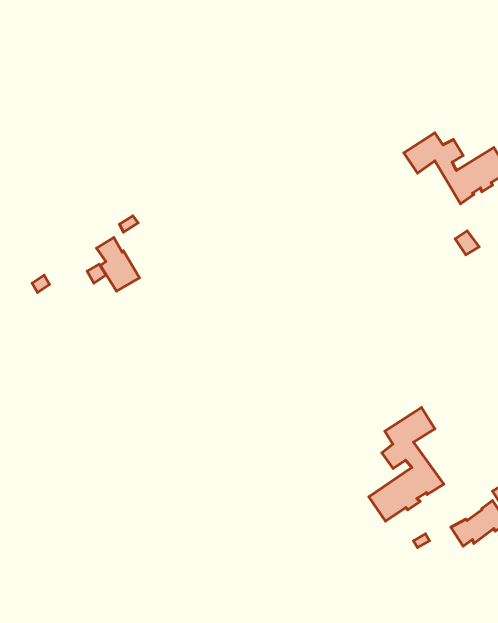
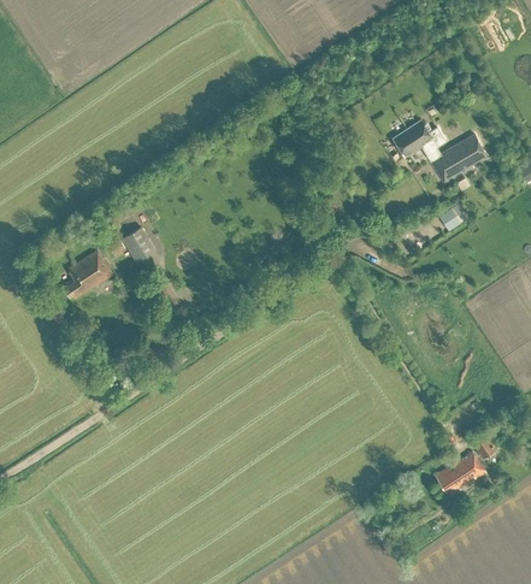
building: none -> [65,249,113,297]
building: [369,408,444,521] -> none

